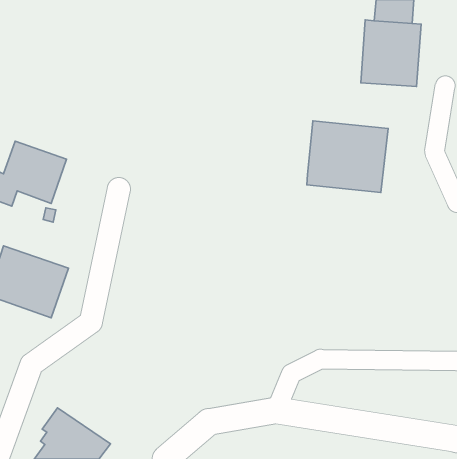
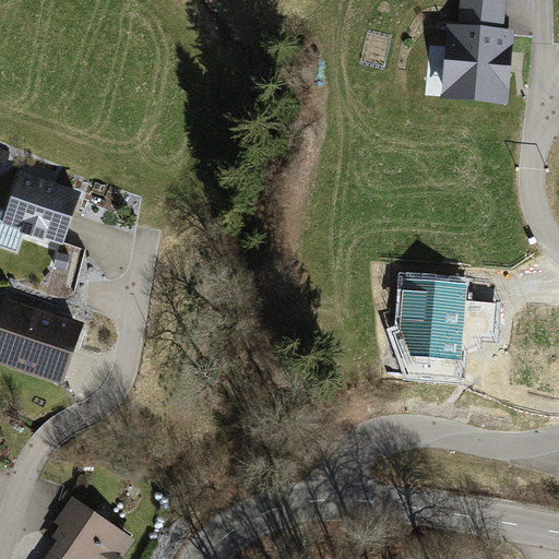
building: [307,121,388,192] -> none
building: none -> [390,275,492,378]

